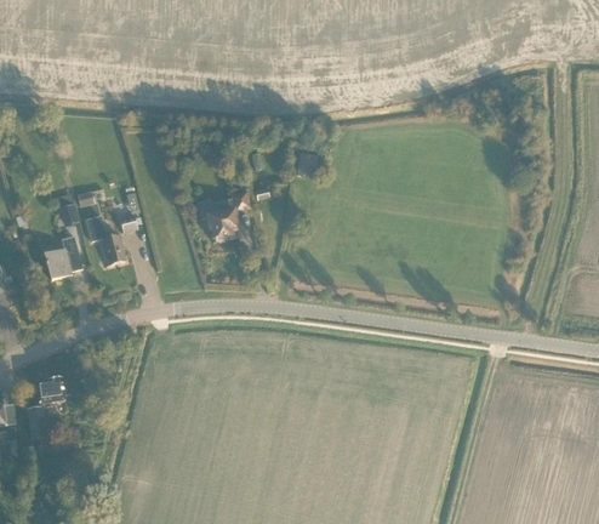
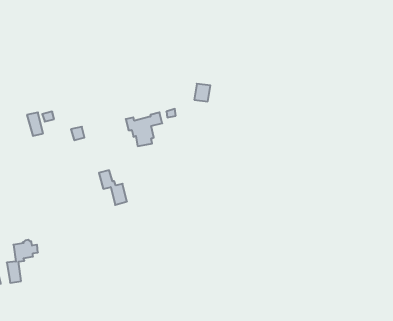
building: [85,215,125,264] -> [99,170,127,205]
building: [44,235,82,279] -> none

